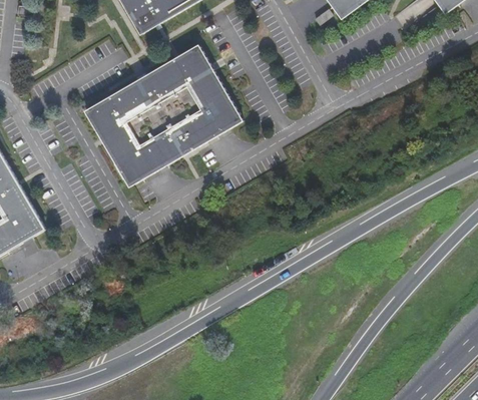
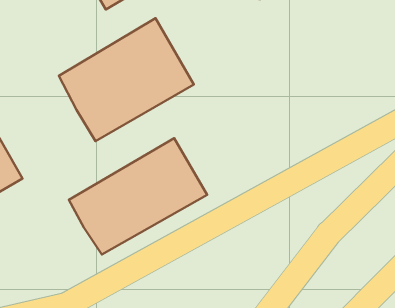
building: none -> [69,138,207,255]

